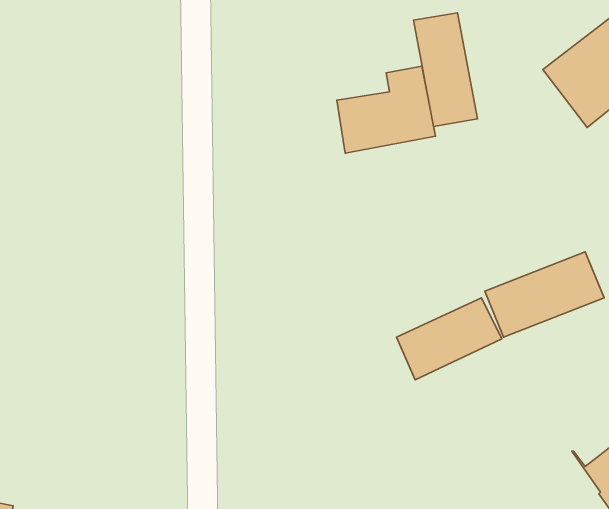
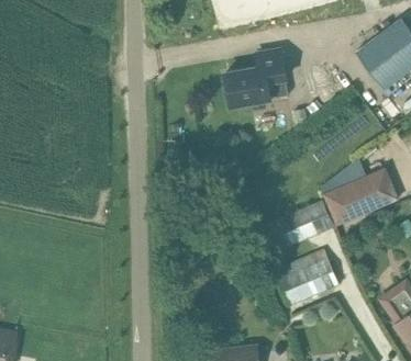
building: [414,13,478,126] -> none
building: none -> [274,249,340,308]

